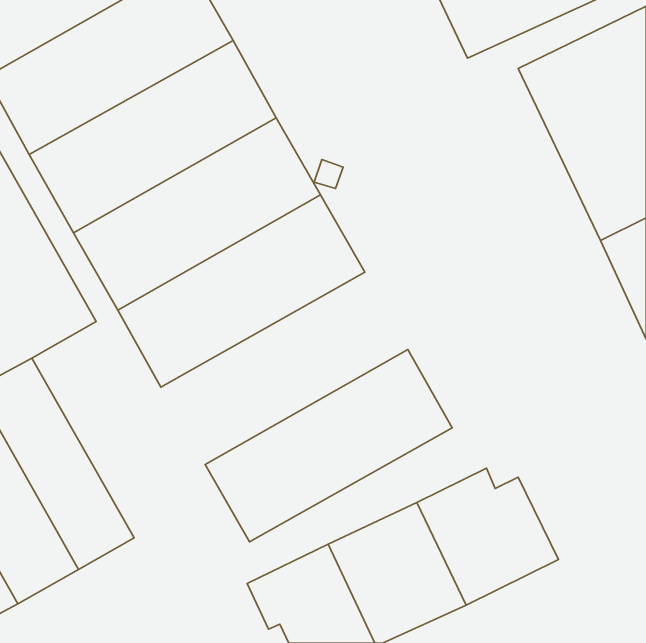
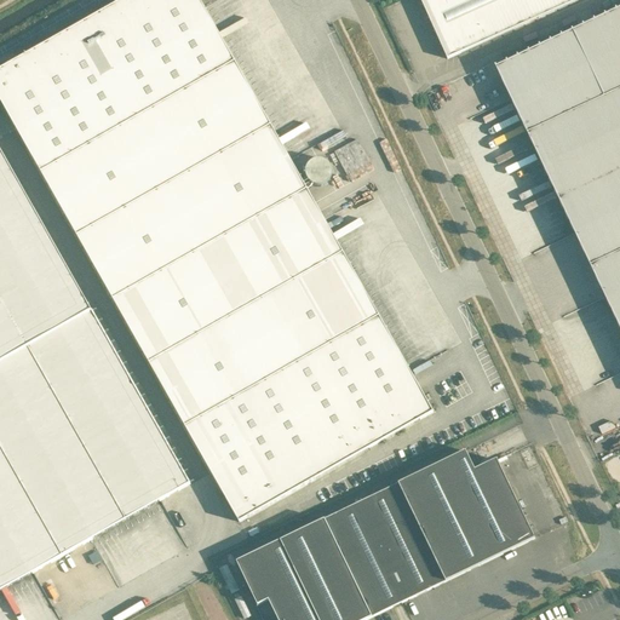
building: none -> [154,260,390,444]
building: none -> [30,308,190,515]

